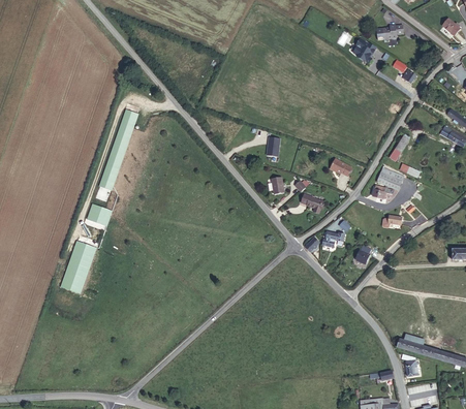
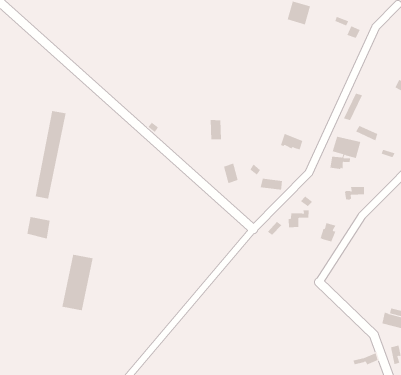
building: [60,240,95,292] -> [62,254,93,311]

